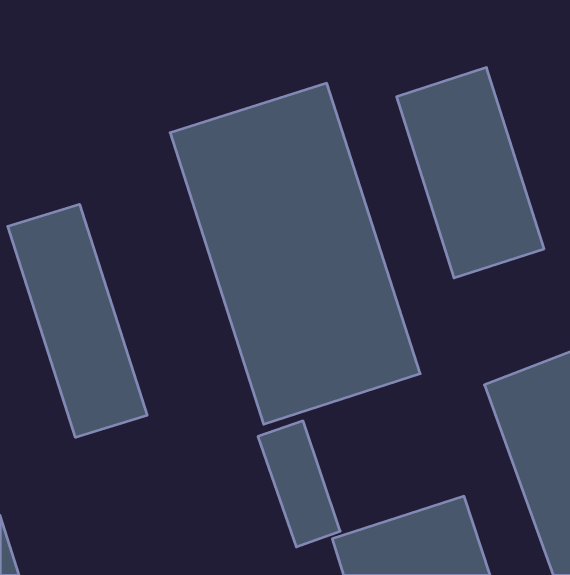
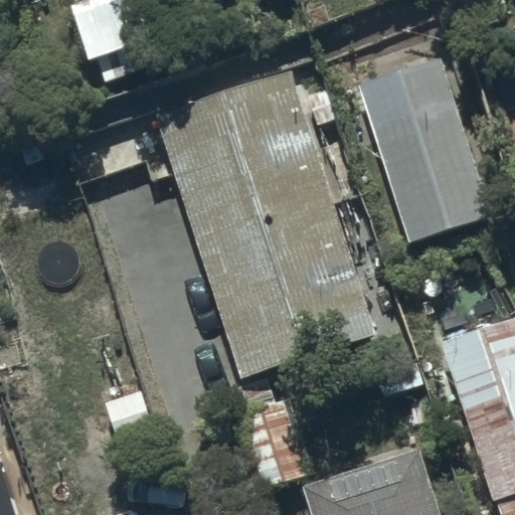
building: [8,204,147,437] -> none

